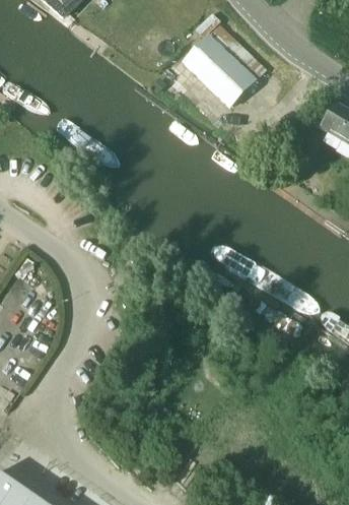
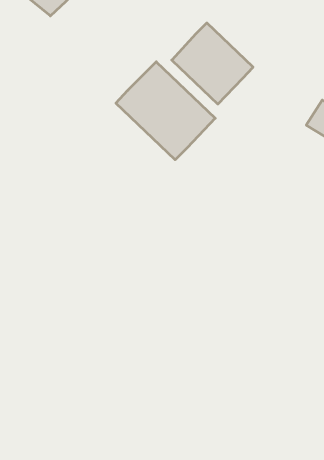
building: none -> [116,62,215,160]

